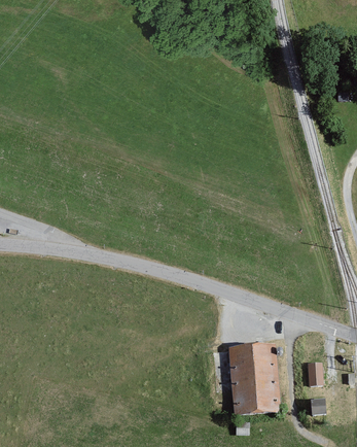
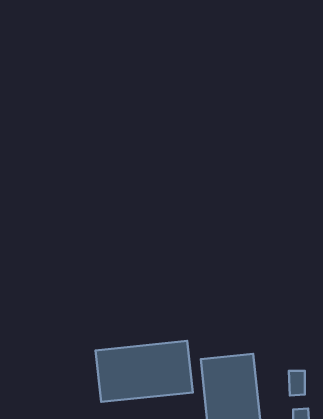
building: none -> [96,341,193,402]

